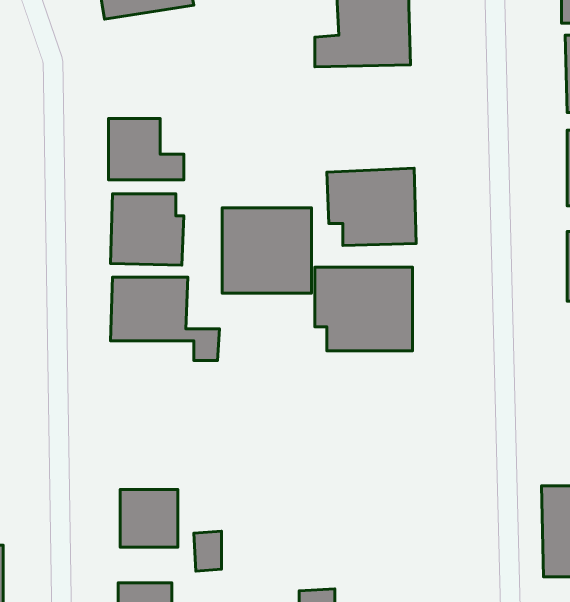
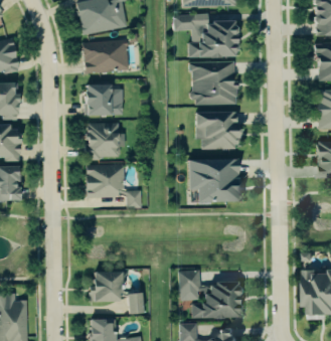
building: none -> [80,35,129,73]
building: [222,208,312,293] -> [190,60,235,104]
building: none -> [179,271,241,318]

